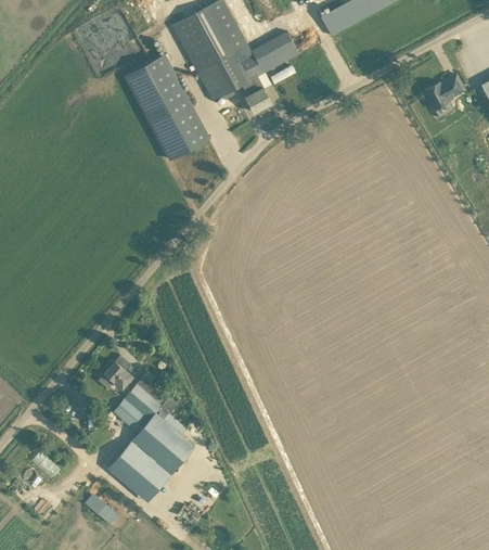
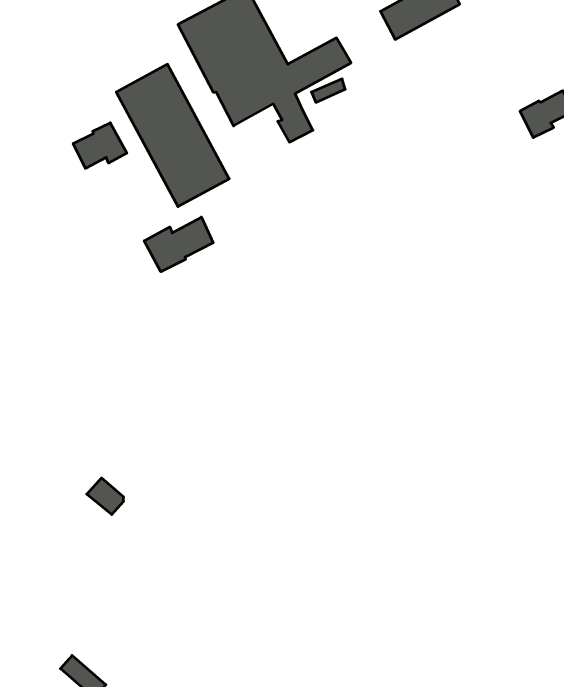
building: none -> [73,123,127,168]
building: none -> [144,217,213,272]
building: [107,378,186,497] -> none

